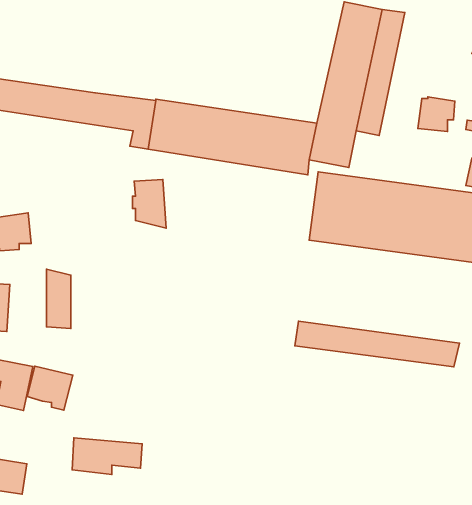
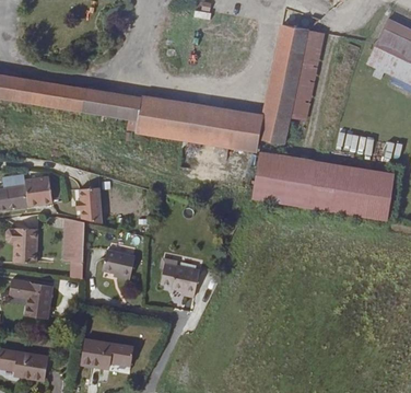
building: [418,97,455,131] -> none
building: [133,180,166,228] -> [80,188,104,223]
building: [295,321,459,367] -> none
building: none -> [157,259,196,299]
building: [27,366,73,410] -> [99,250,132,281]

